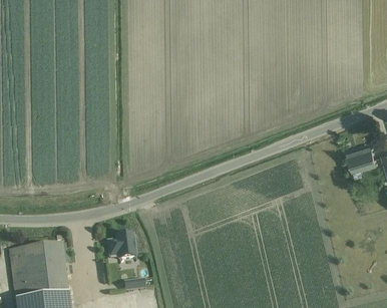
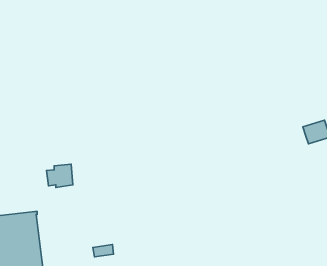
building: [108,233,136,258] -> [47,164,73,188]

